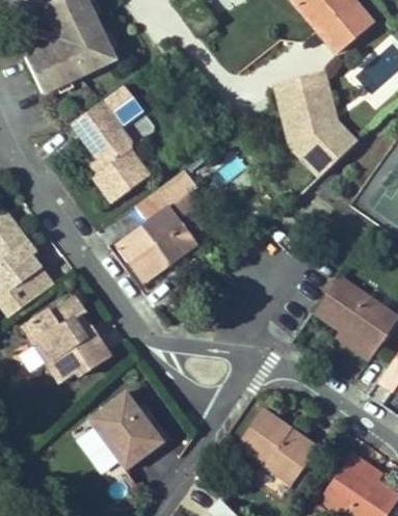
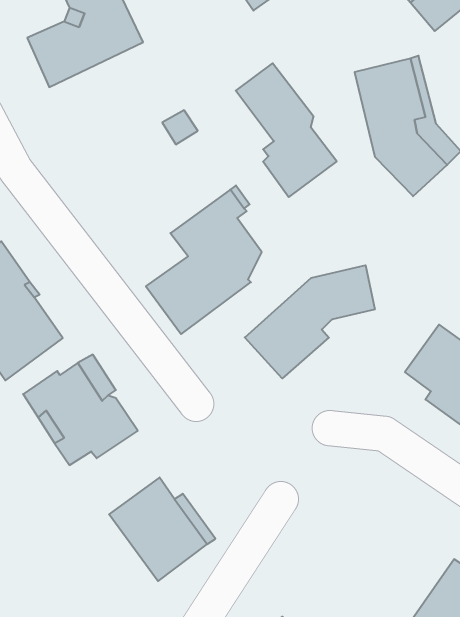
building: [73,101,150,202] -> [236,63,337,197]
building: none -> [245,265,375,378]
building: [237,408,318,484] -> none

